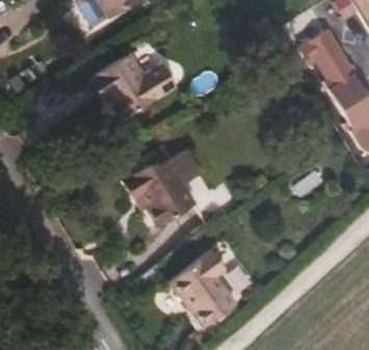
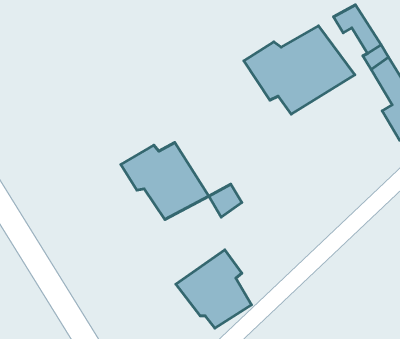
building: [94,53,179,117] -> none
building: none -> [244,26,355,114]

